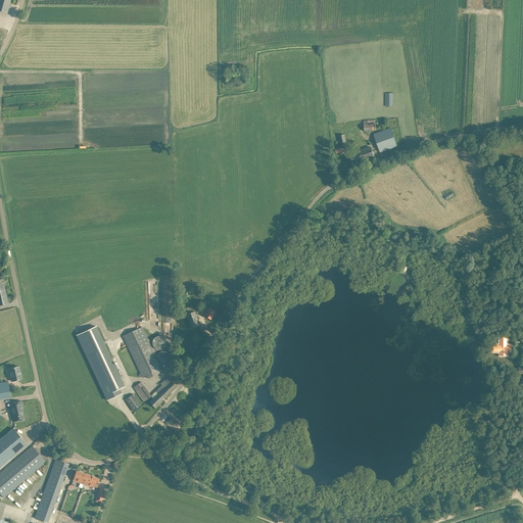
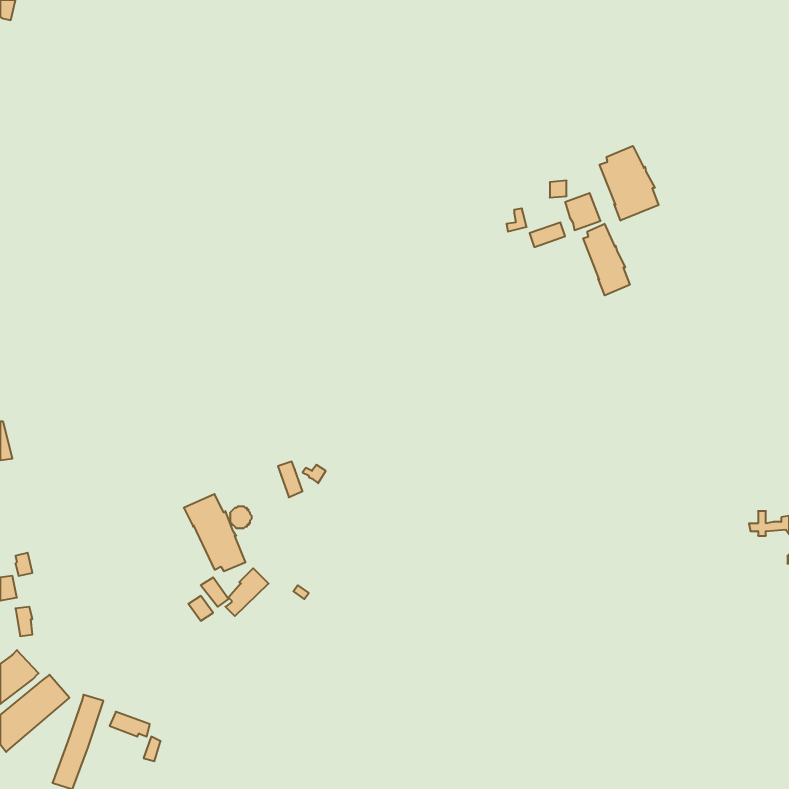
building: none -> [600,146,659,221]
building: none -> [583,224,630,295]
building: [77,326,124,400] -> none

